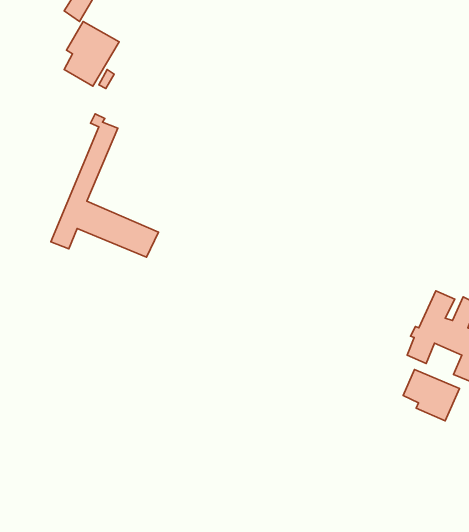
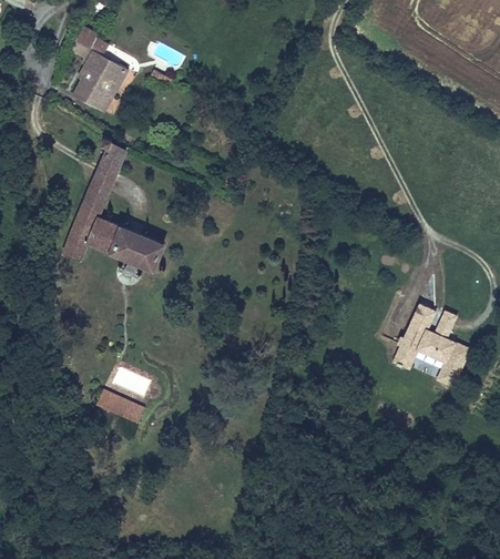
building: [403,370,460,421] -> none
building: none -> [96,387,146,423]

